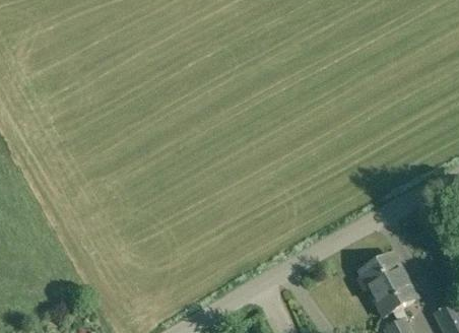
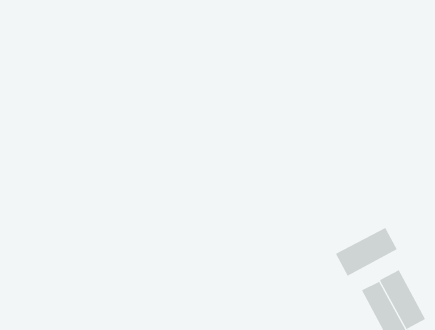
building: none -> [335,227,398,277]

